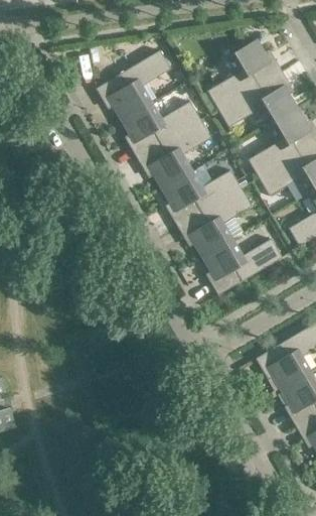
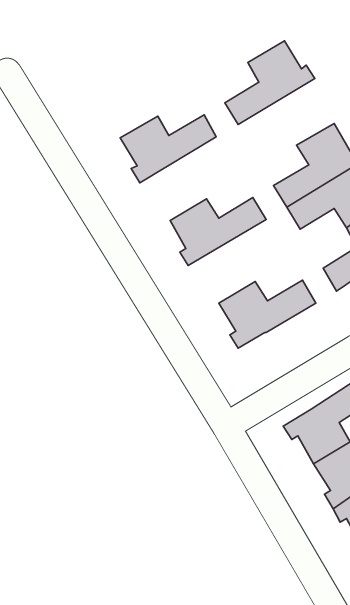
building: [96,50,171,120] -> none
building: [218,71,298,127] -> none
building: [137,119,211,188] -> none
building: [177,187,253,257] -> none

